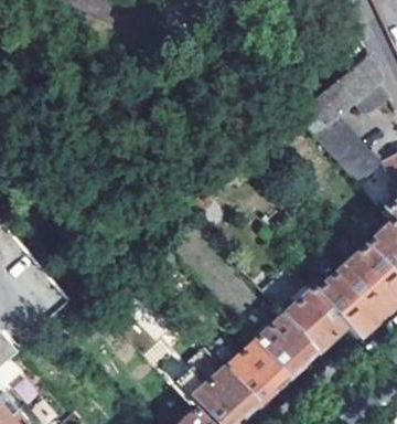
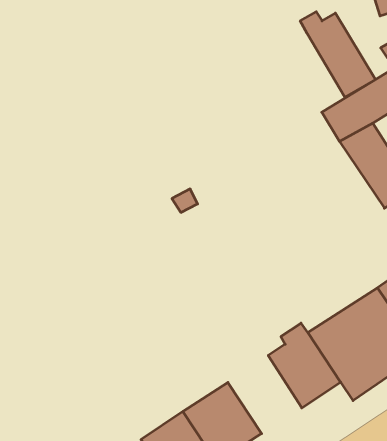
building: none -> [300,12,375,97]
building: [258,314,320,377] -> none

